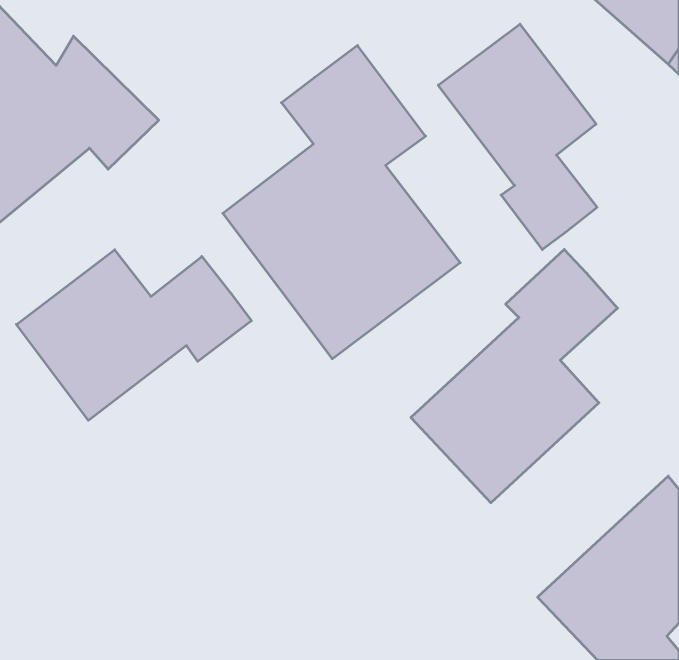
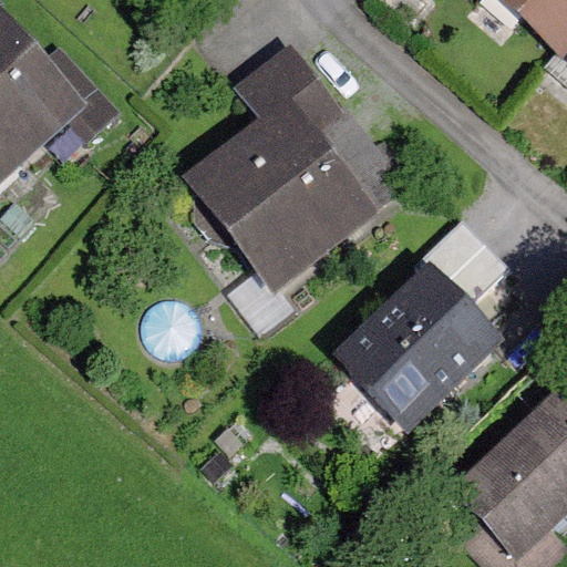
building: [438,24,597,250] -> none
building: [16,250,251,420] -> none

